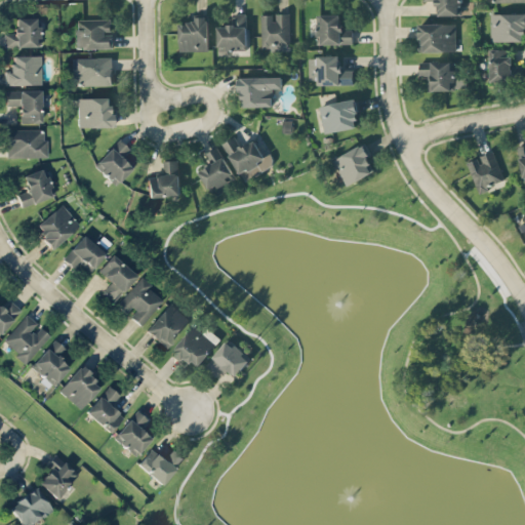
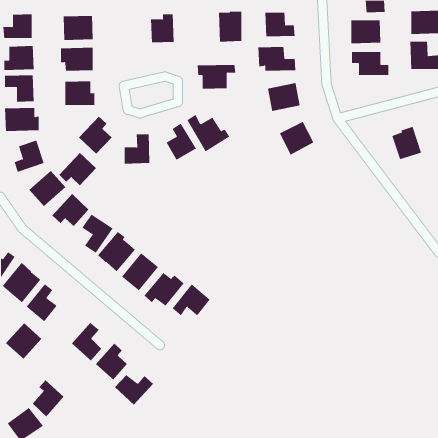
building: [218,14,247,56] -> none
building: none -> [58,152,97,186]
building: [58,365,103,409] -> [5,322,42,359]

